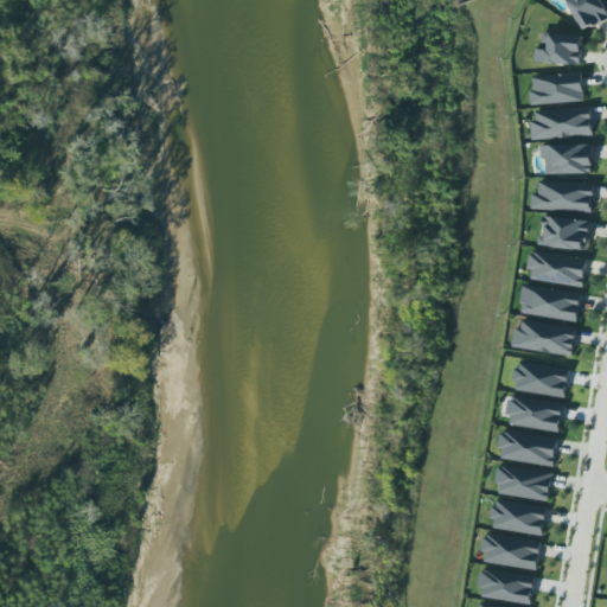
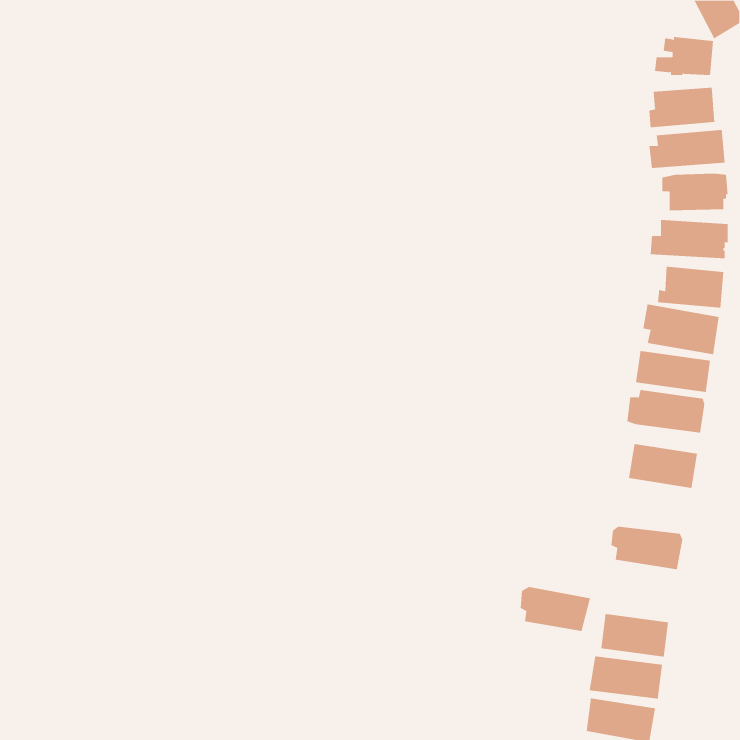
building: [505,397,562,433] -> none
building: [496,465,554,501] -> [520,586,591,632]

